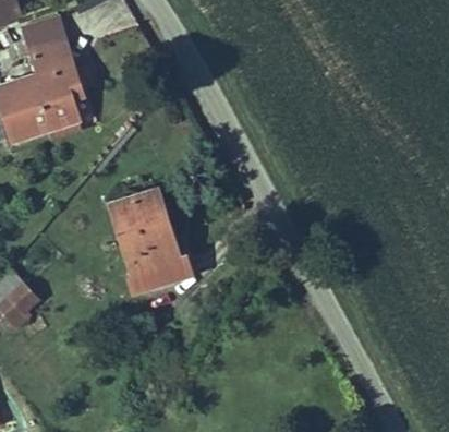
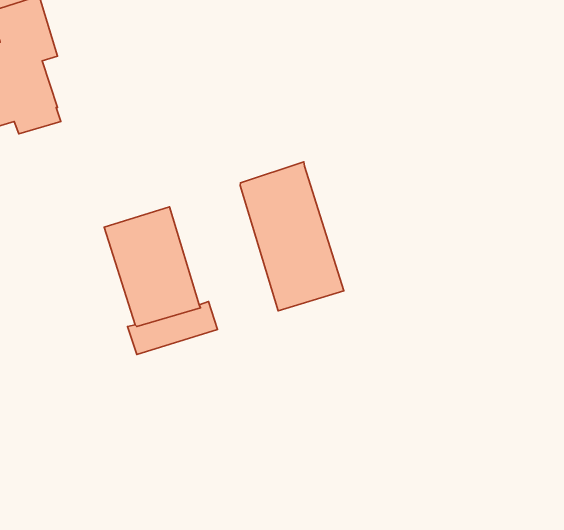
building: none -> [240,162,344,311]

